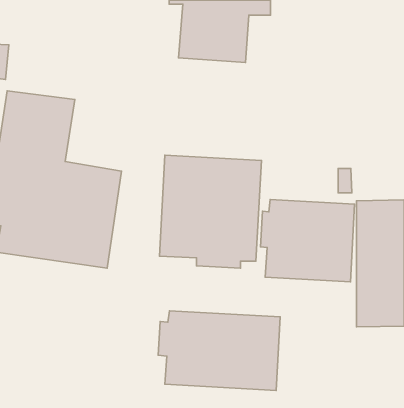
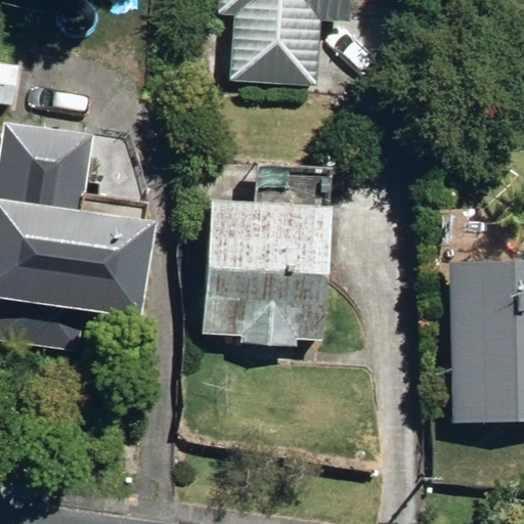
building: [261,199,355,282] -> none
building: [158,311,280,391] -> none

